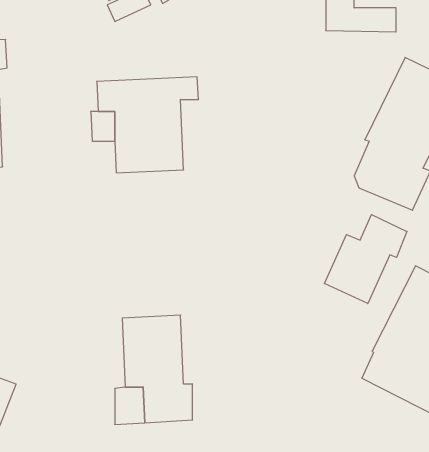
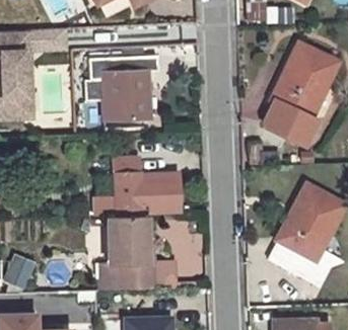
building: [324,215,407,304] -> none
building: none -> [95,156,180,217]

